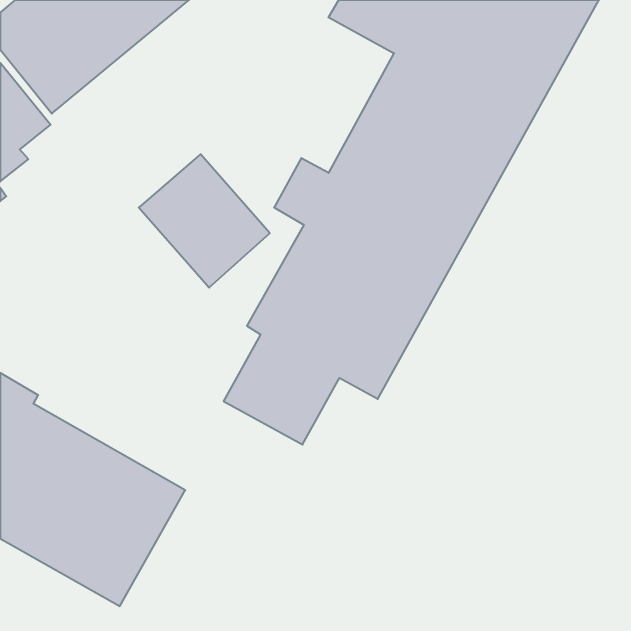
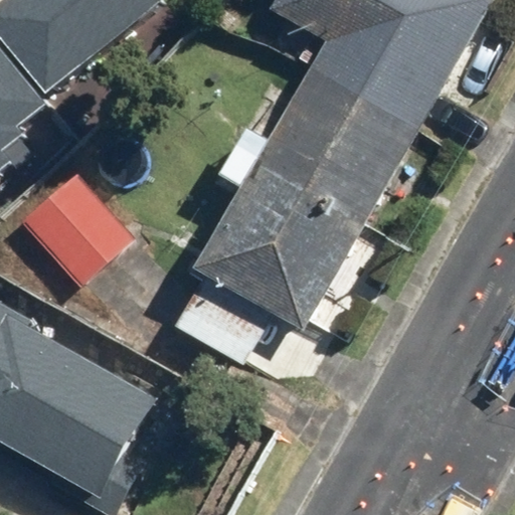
building: [139,154,270,288] -> [26,175,133,284]

